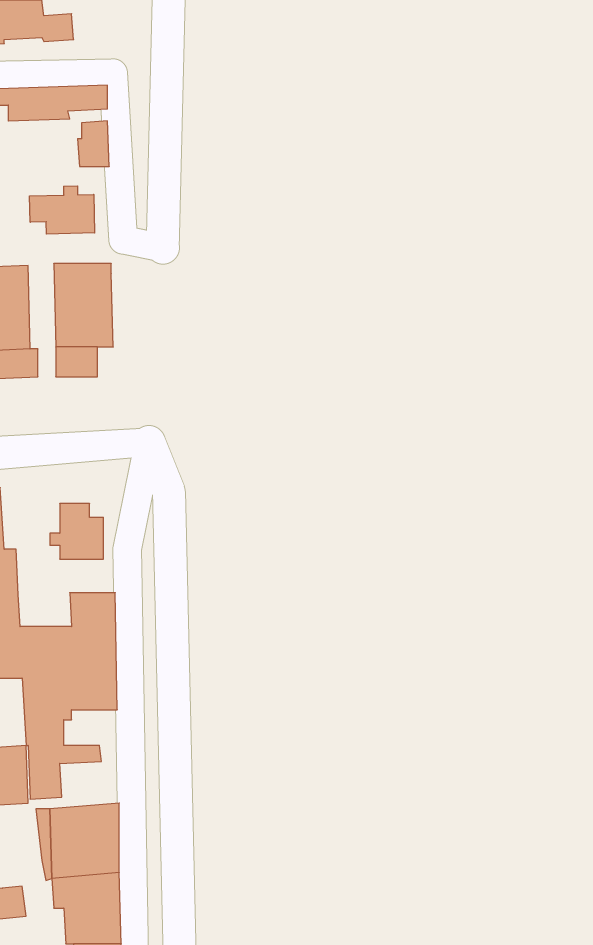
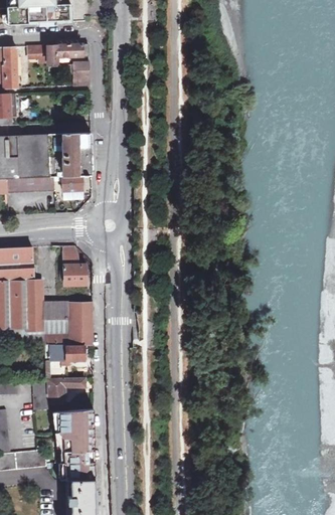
building: [30,186,95,234] -> none
building: none -> [42,301,69,318]

